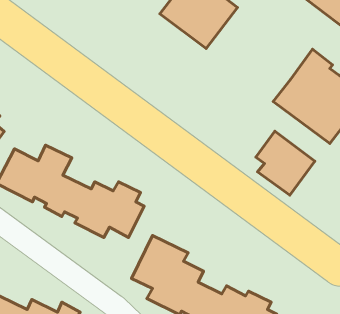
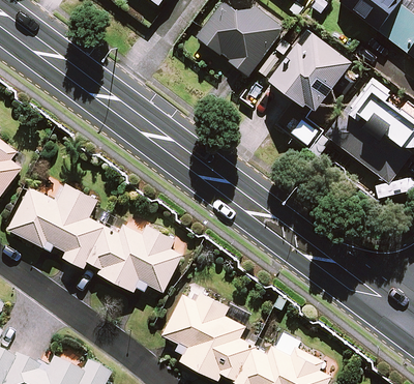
building: none -> [270,33,351,109]
building: [256,131,315,195] -> none

